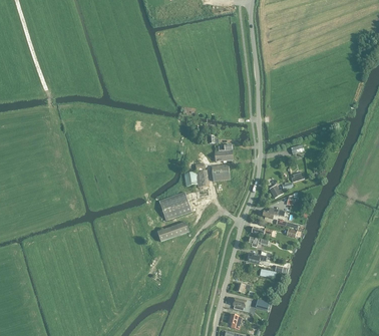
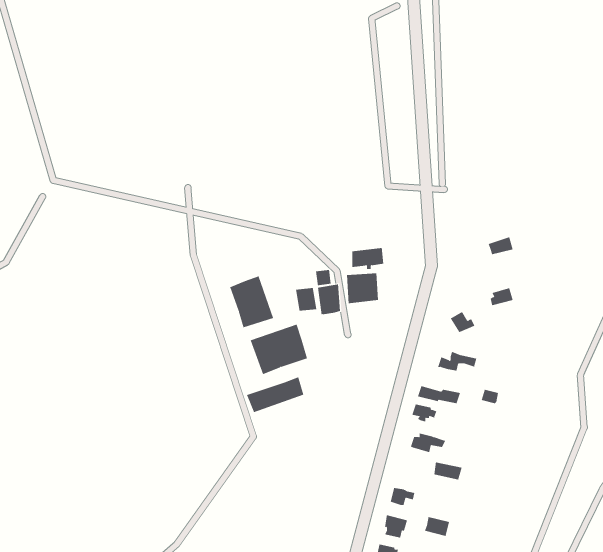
building: none -> [229,276,274,328]

